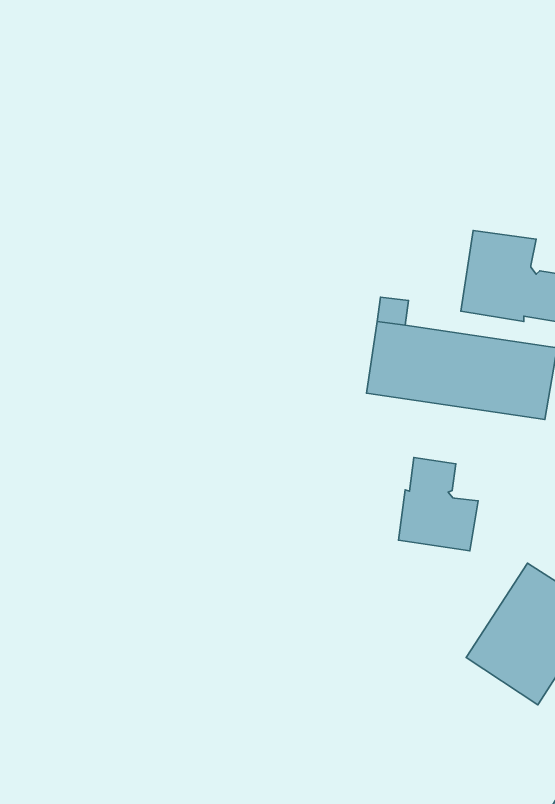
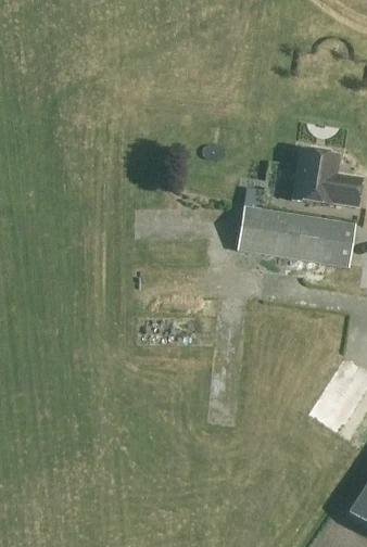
building: [398,458,478,551] -> none

